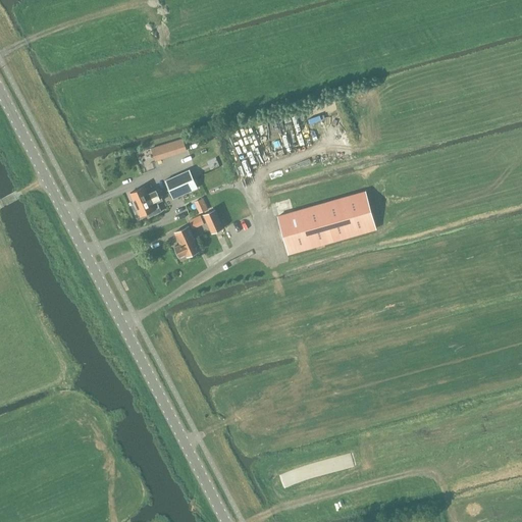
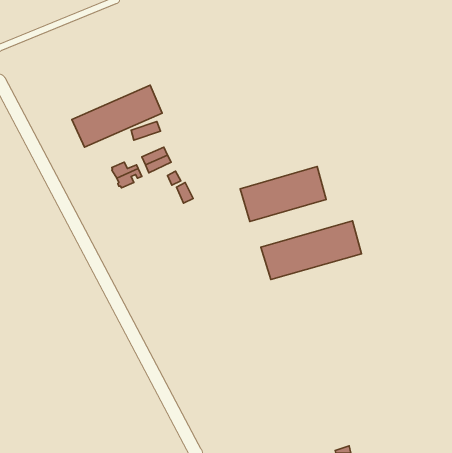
building: none -> [72,85,162,147]
building: [173,226,198,257] -> none
building: none -> [261,221,361,280]

